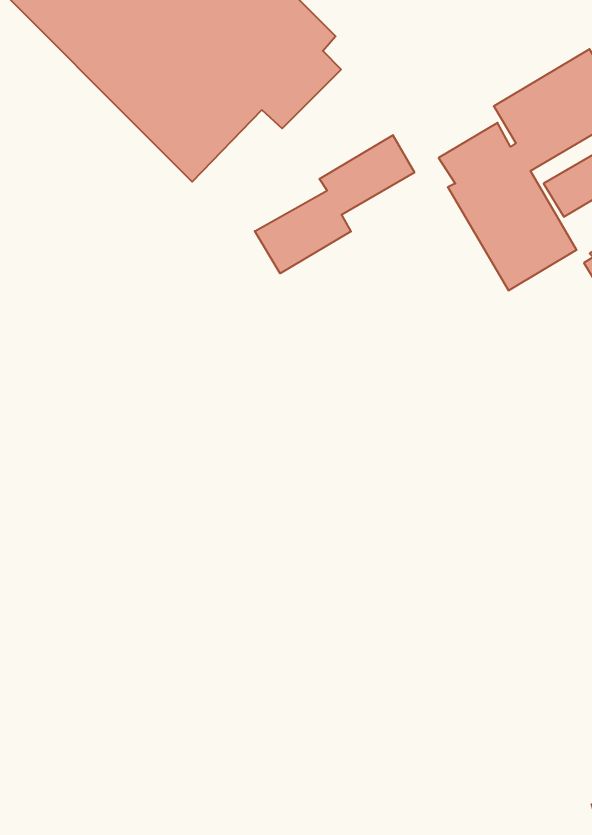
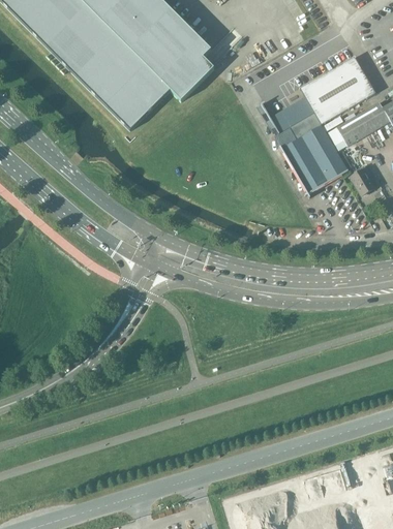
building: [255,135,414,273] -> none

